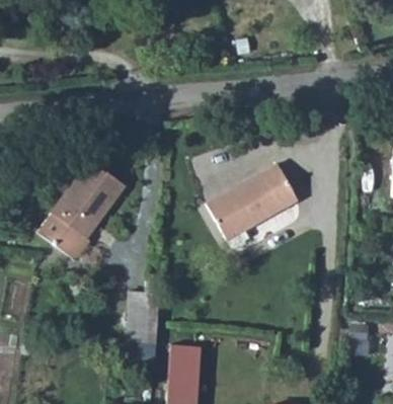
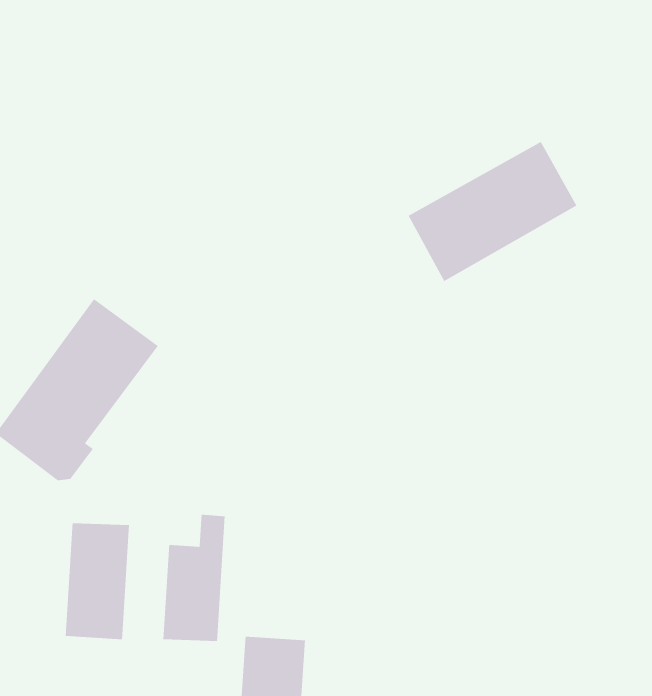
building: [208,164,298,239] -> [408,141,578,282]
building: none -> [65,523,130,640]

